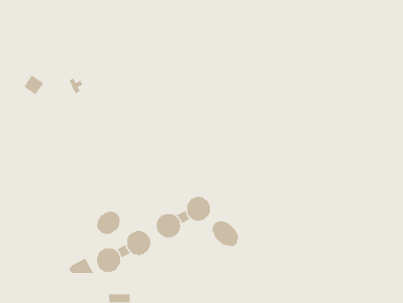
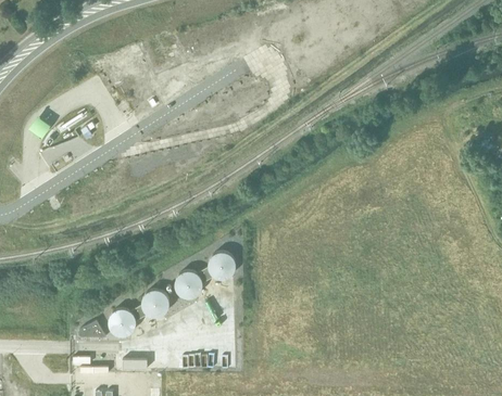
building: [97,211,120,235] -> none
building: [212,220,239,247] -> none

